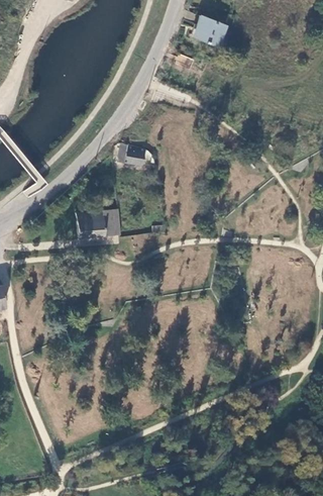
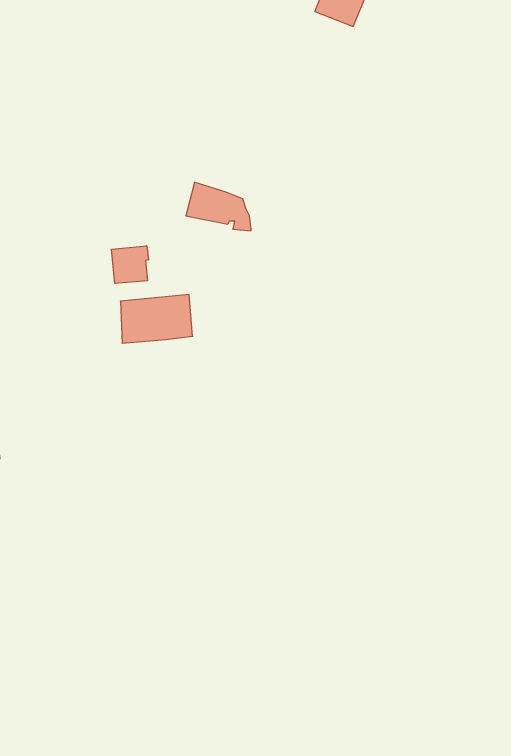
building: none -> [111,246,149,284]

